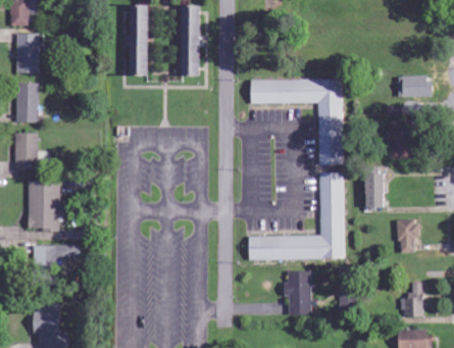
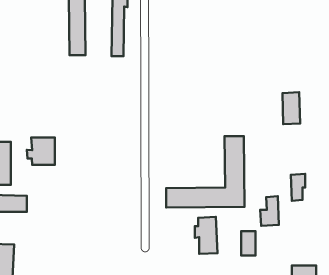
building: [398,77,434,97] -> none
building: [251,79,342,166] -> none
building: [364,175,387,208] -> none
building: none -> [27,137,55,165]
building: [402,283,424,318] -> [260,196,279,226]

